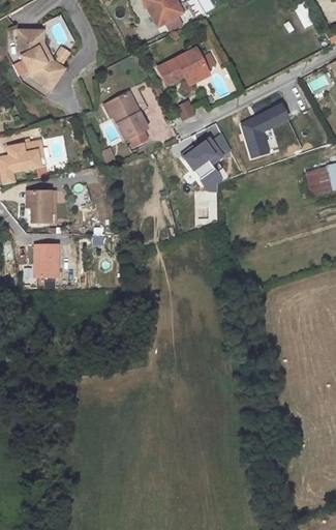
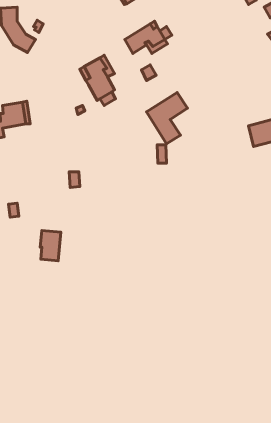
building: [32,30,61,87] -> none
building: [240,104,292,157] -> none
building: [30,196,58,230] -> none
building: [35,254,60,290] -> [40,230,61,261]

